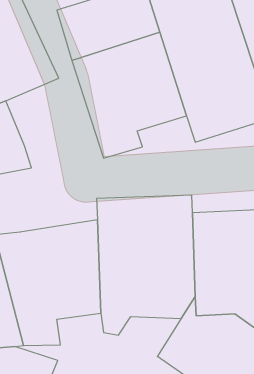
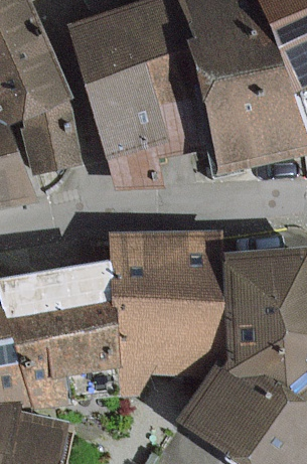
building: none -> [9,98,81,175]

